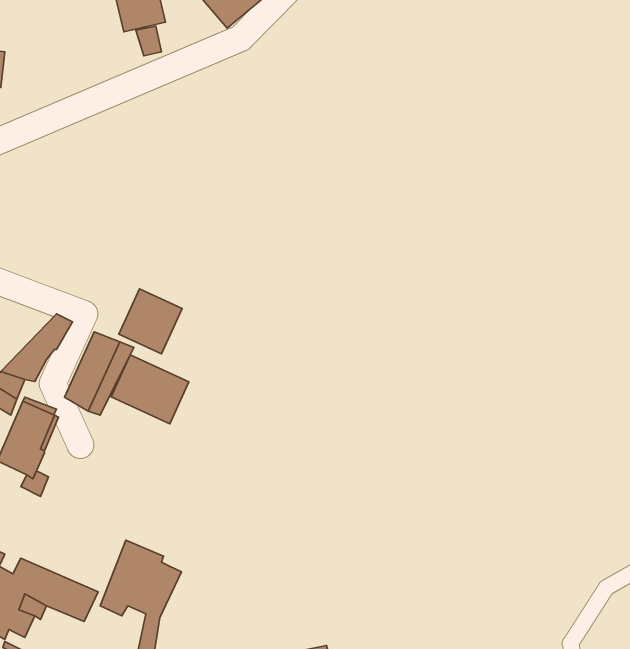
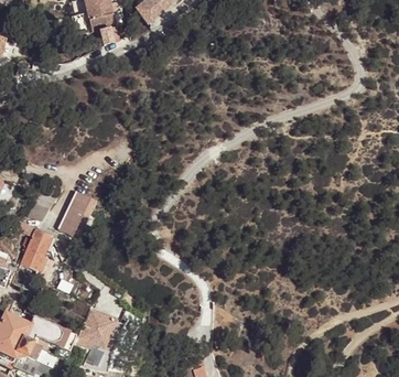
building: [119,289,182,354] -> none
building: [111,355,189,424] -> none

